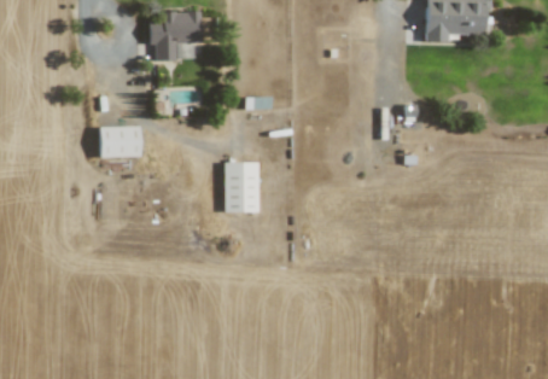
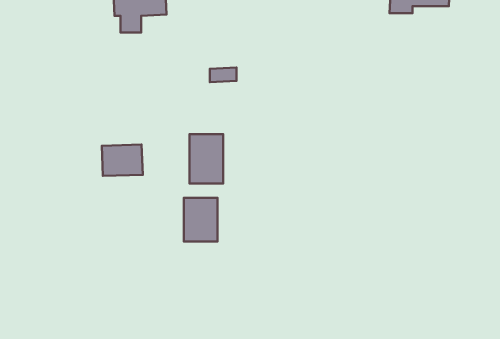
building: [99,127,140,158] -> [102,145,143,176]
building: none -> [184,198,218,242]

